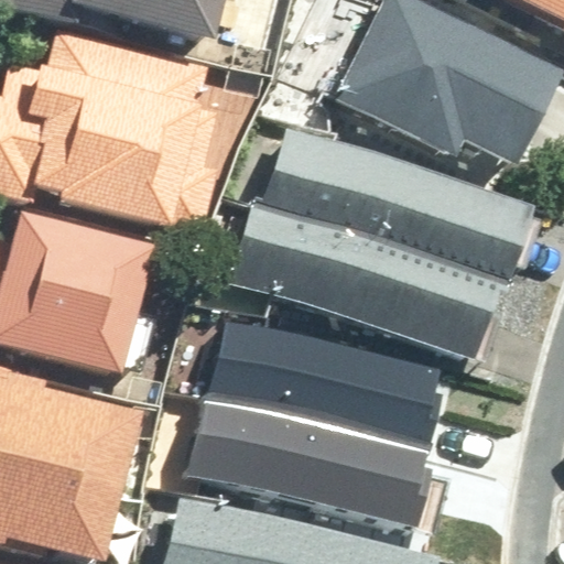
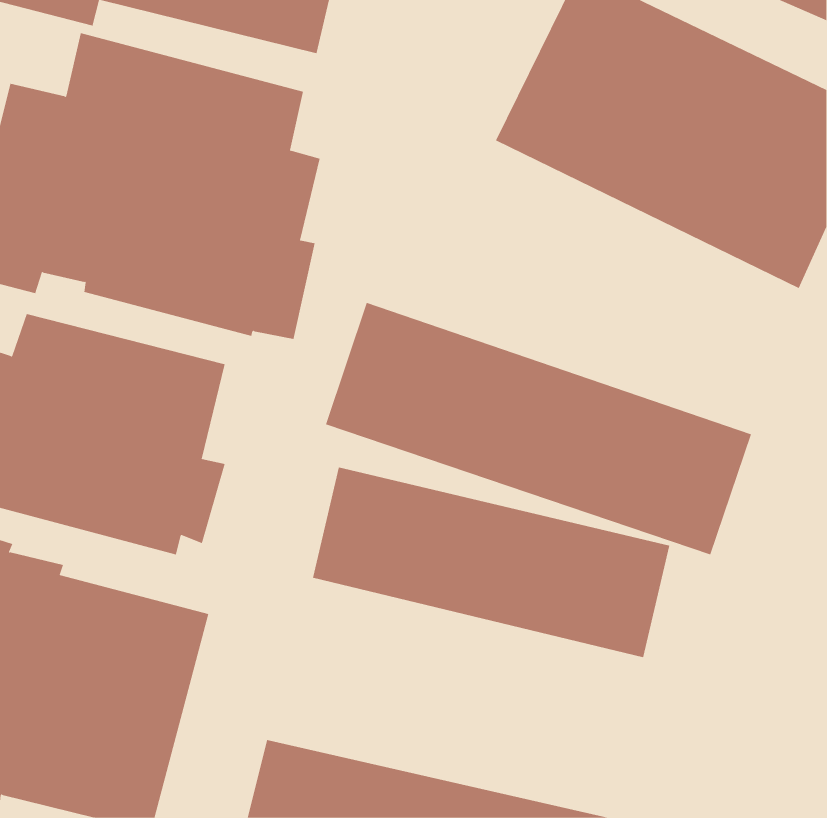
building: [247,122,535,293] -> none
building: [192,390,434,519] -> none

